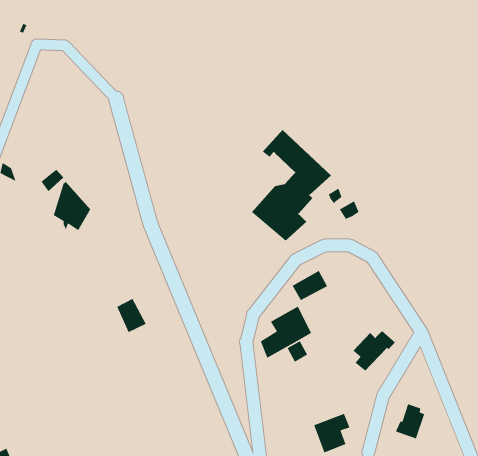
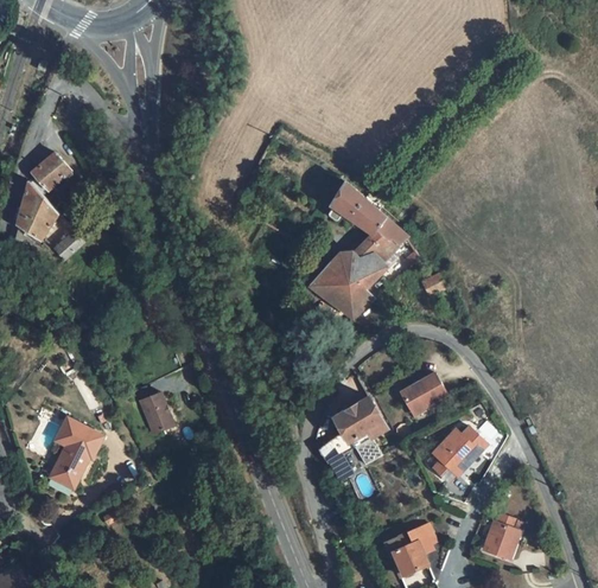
building: none -> [33,152,69,191]
building: [53,181,91,231] -> [13,179,59,239]
building: [292,270,328,301] -> [397,375,441,413]
building: none -> [50,414,106,485]

